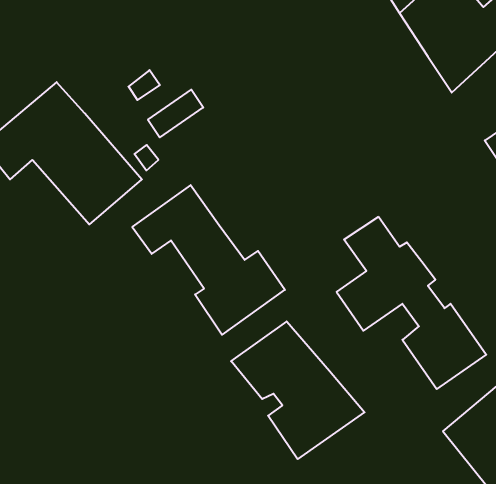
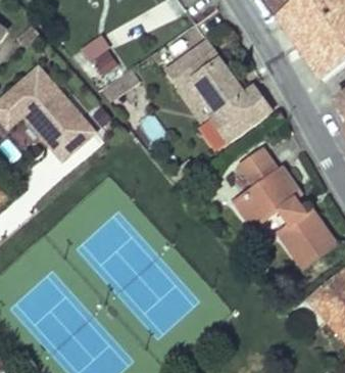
building: [132,185,285,335] -> [168,40,273,142]
building: [231,321,365,459] -> none

